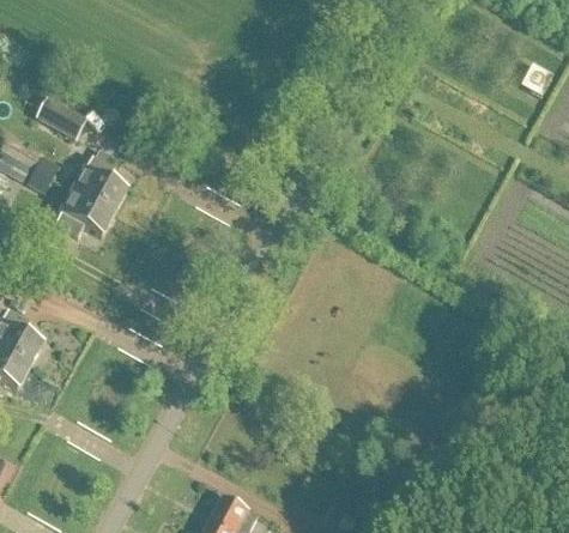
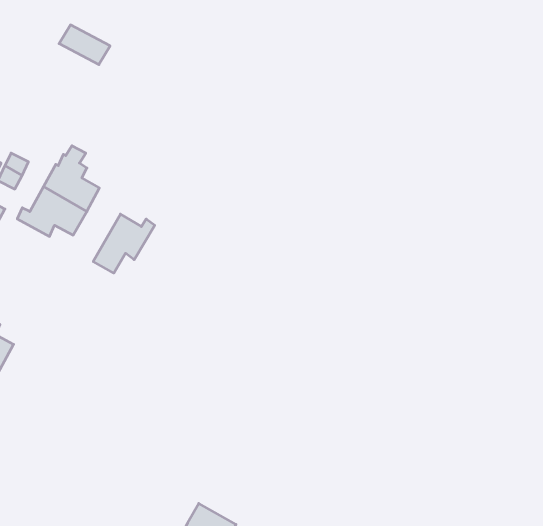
building: [37,98,86,137] -> [59,25,110,65]
building: none -> [93,214,155,273]

